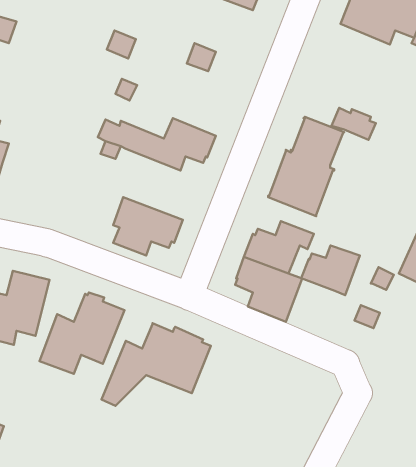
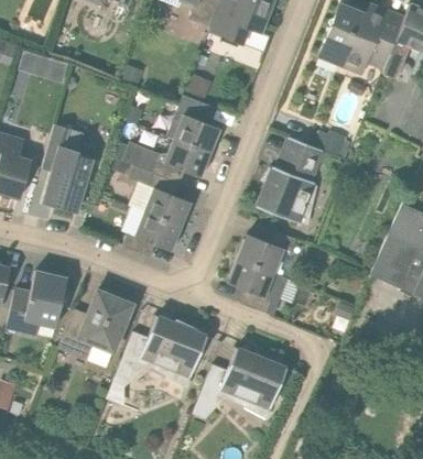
building: none -> [166,99,220,154]
building: none -> [42,124,94,214]
building: none -> [129,165,191,227]
building: [301,245,360,295] -> none
building: none -> [193,348,286,419]

